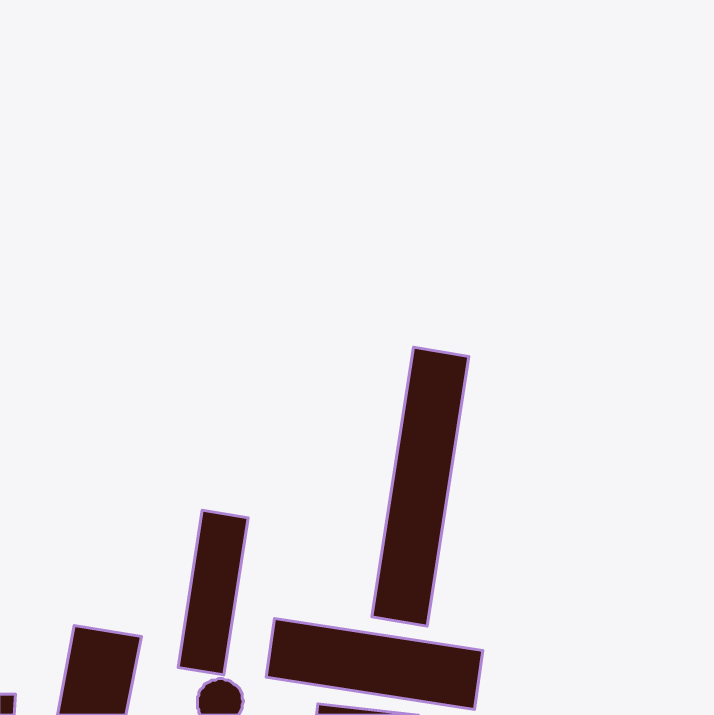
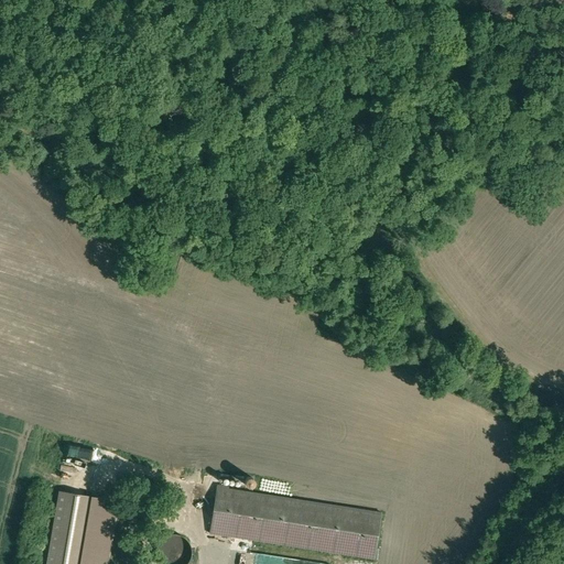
building: [372,347,469,626] -> none
building: [178,510,248,675] -> none

